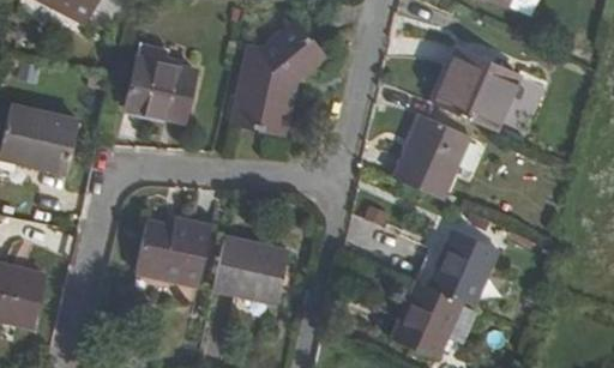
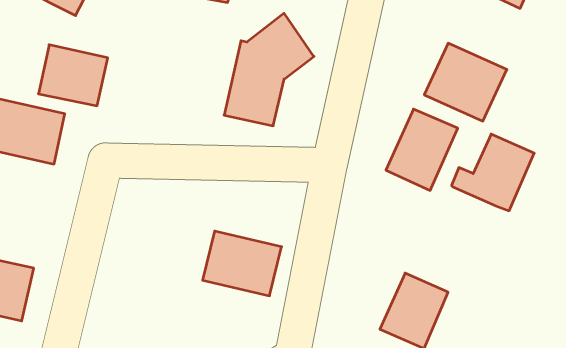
building: [125,59,194,120] -> [38,45,108,106]
building: [137,219,213,286] -> none
building: [415,228,498,304] -> [452,134,534,211]

